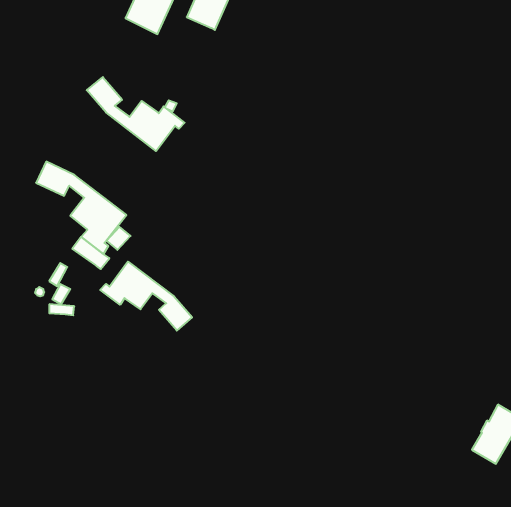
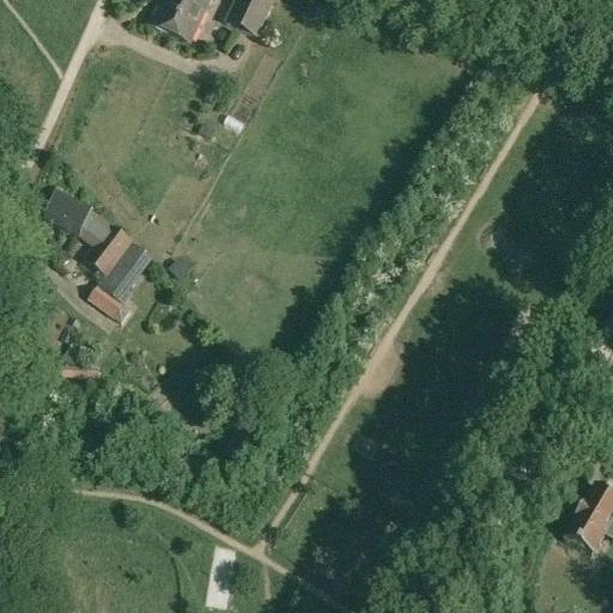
building: [87,77,185,151] -> none
building: [100,262,192,331] -> none

